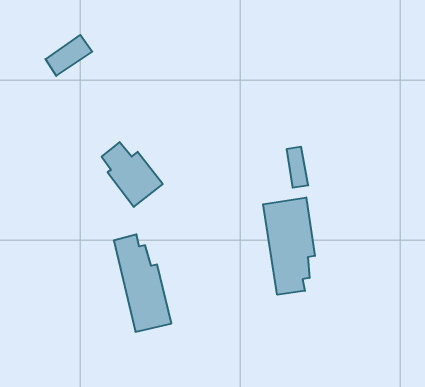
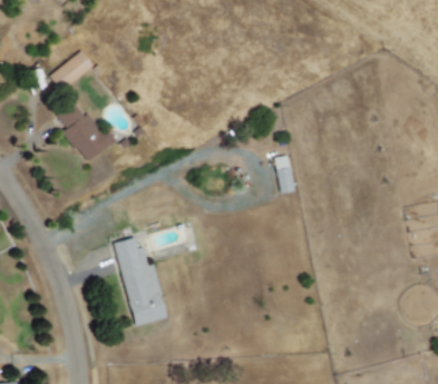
building: [102,142,163,207] -> [57,102,114,163]
building: [263,197,315,295] -> none

